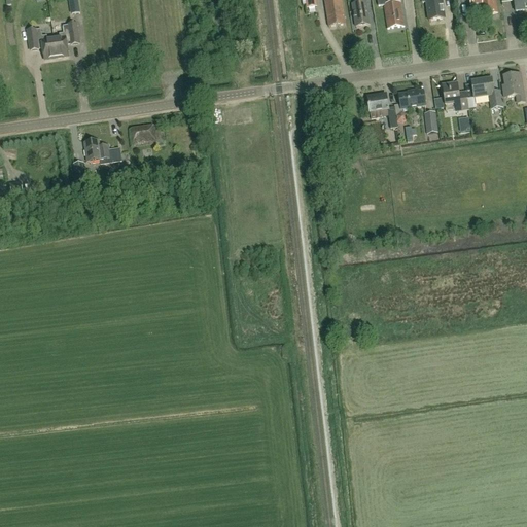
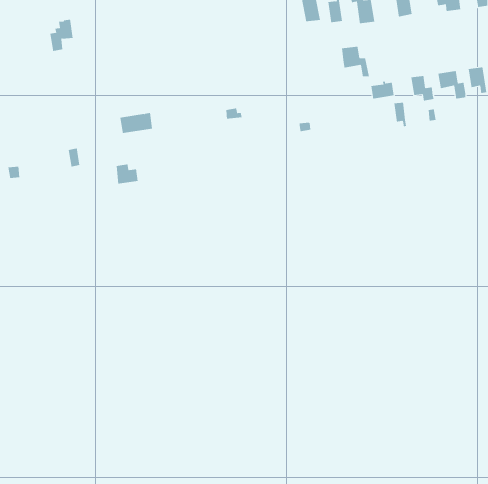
building: [28,27,57,57] -> none
building: [367,93,398,126] -> [341,46,370,77]
building: [85,138,110,160] -> [116,164,139,184]

